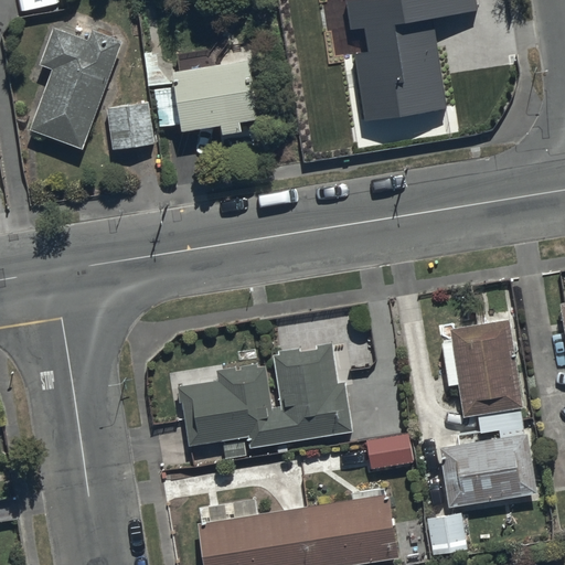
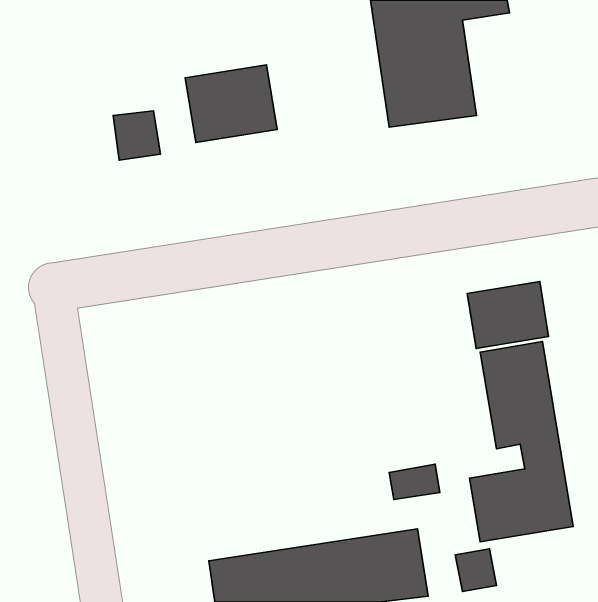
building: [28,25,124,150] -> none
building: none -> [467,282,549,348]
building: [174,340,350,448] -> none

